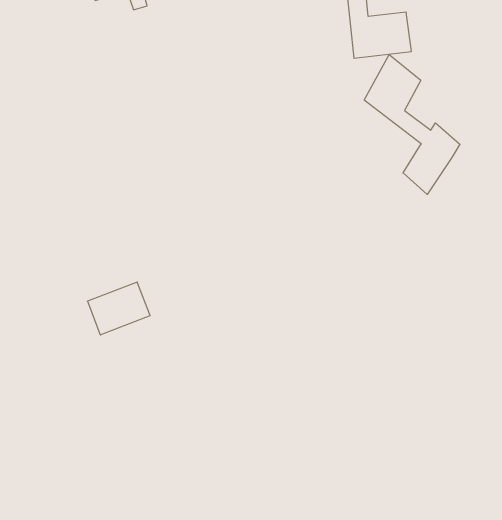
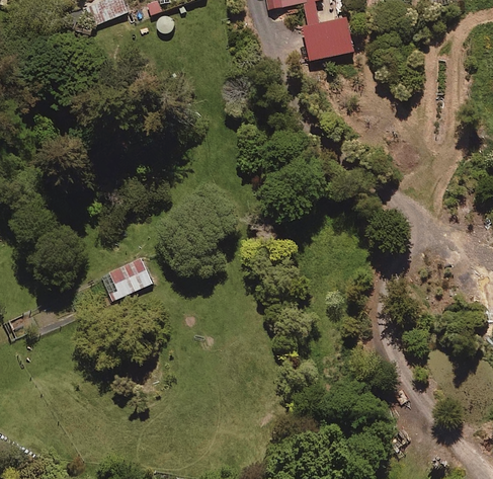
building: [364,55,460,194] -> none

